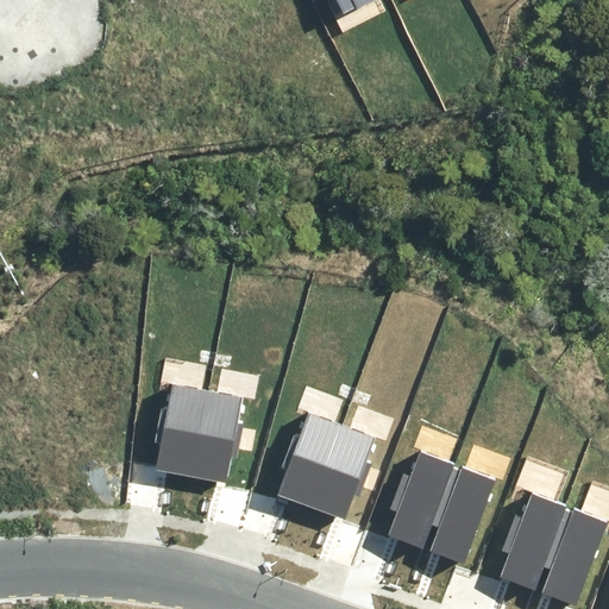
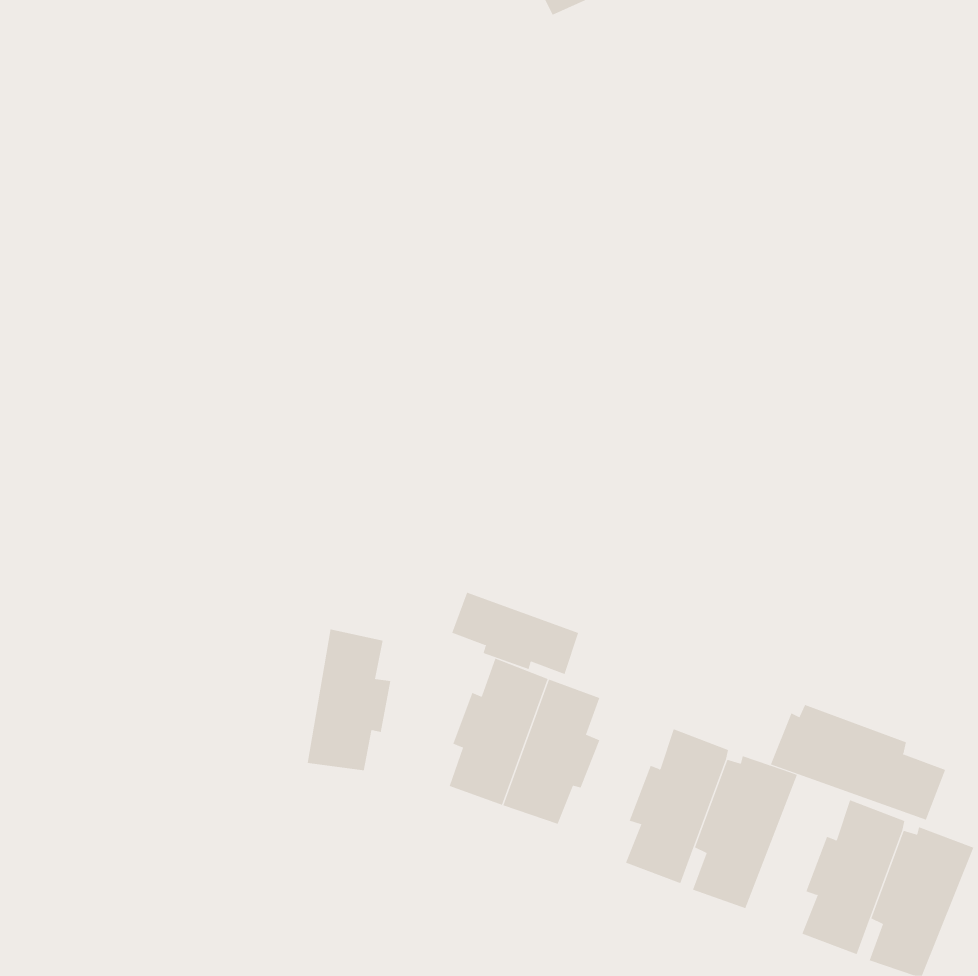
building: none -> [452,592,579,675]
building: [153,383,206,473] -> none
building: none -> [770,704,946,820]

